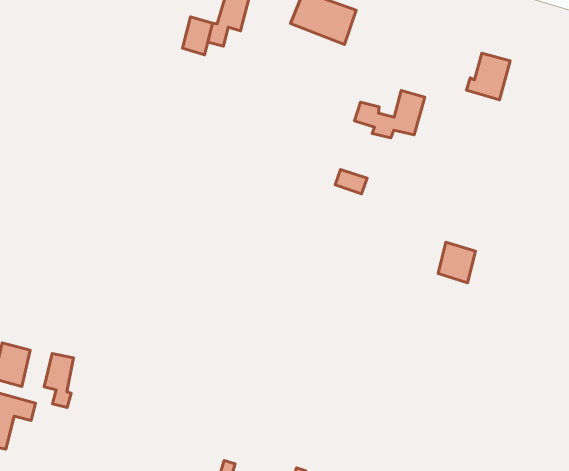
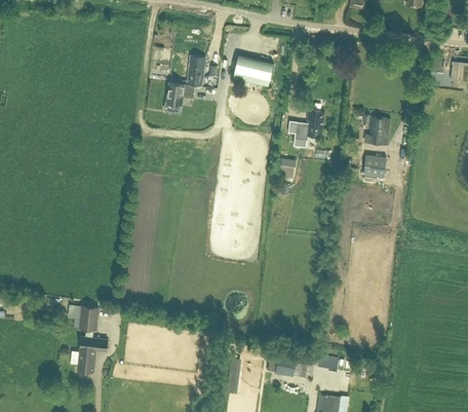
building: [467,53,510,100] -> [364,117,389,145]
building: [438,242,476,283] -> [363,154,385,178]
building: [44,353,73,408] -> none

